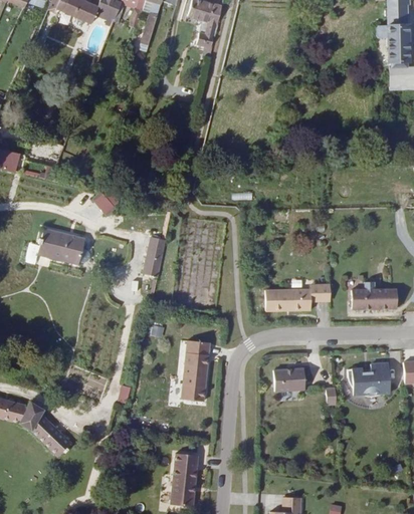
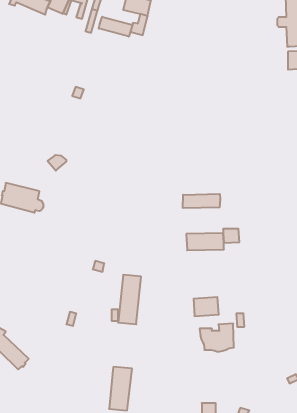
building: none -> [99,17,132,37]
building: [144,236,167,276] -> none
building: none -> [183,194,220,208]
building: [352,281,397,308] -> none
building: [348,362,390,397] -> [200,324,234,352]

